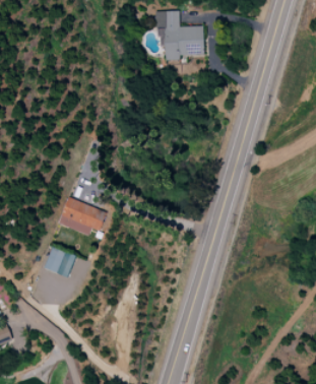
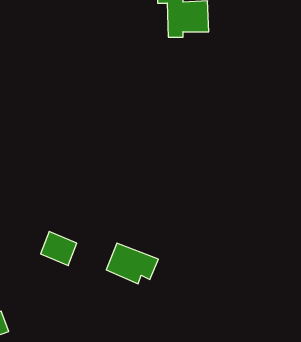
building: [57,197,107,236] -> [106,243,158,284]

